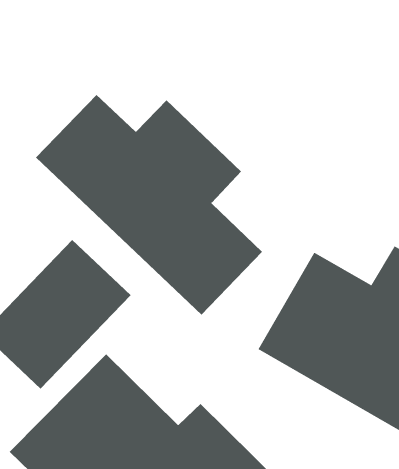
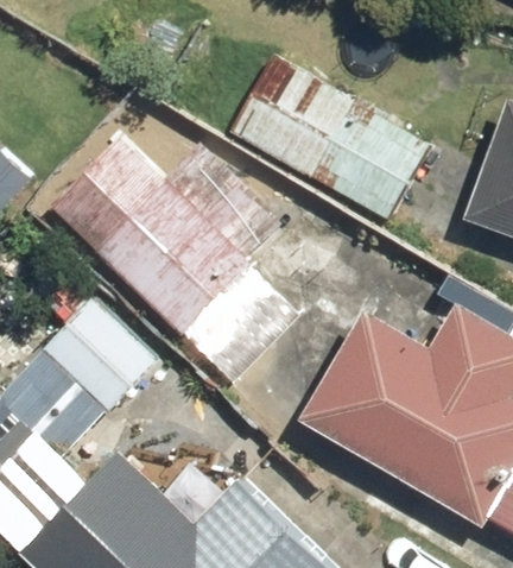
building: none -> [234,57,432,219]

